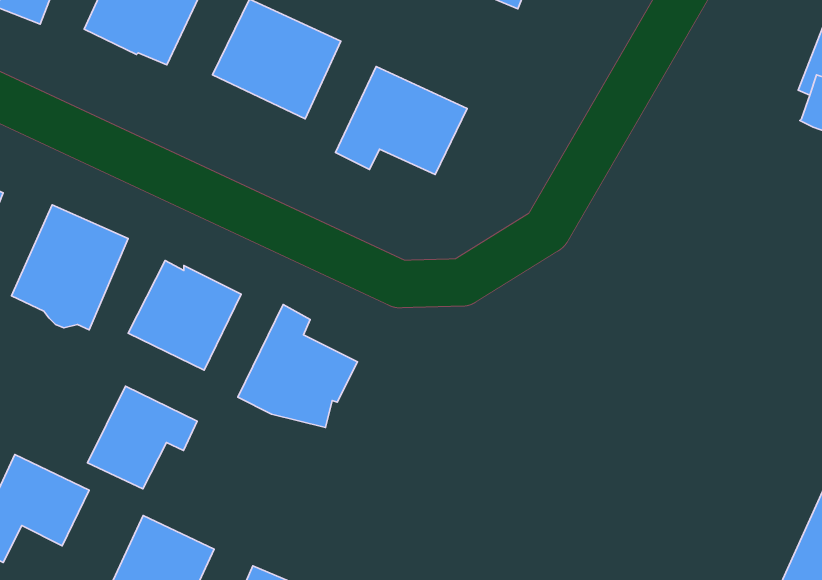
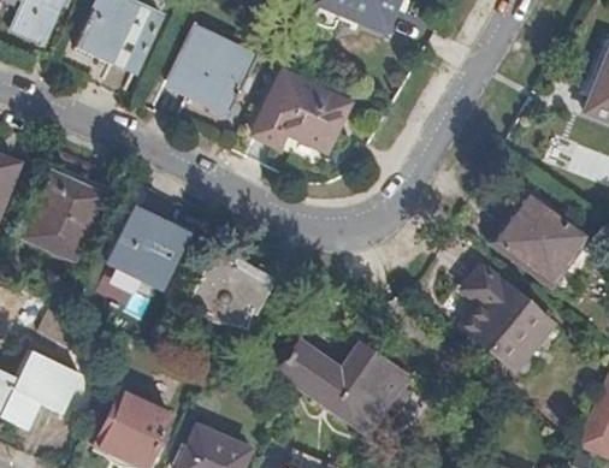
building: none -> [495,194,587,284]
building: none -> [463,266,552,369]
building: [87,386,197,489] -> none
building: none -> [278,342,415,431]

